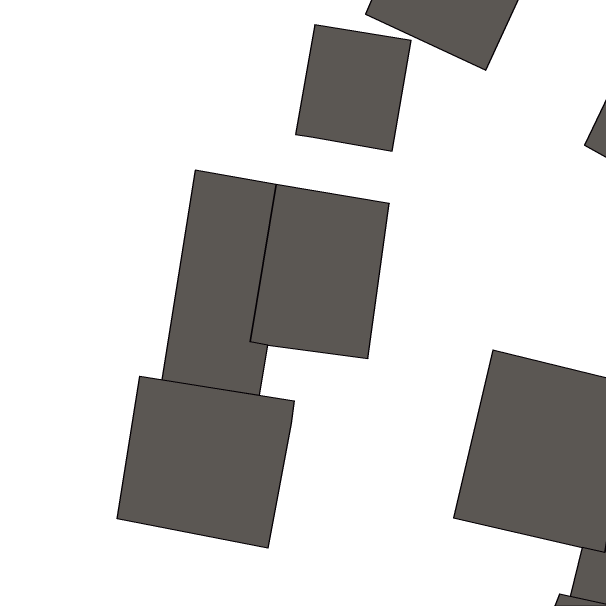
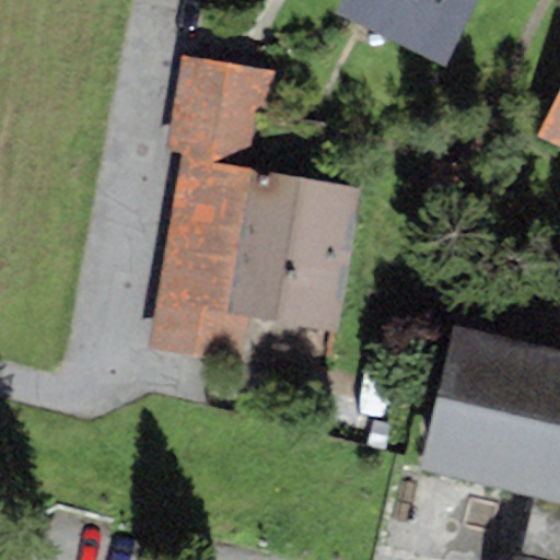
building: [296,25,411,151] -> [167,54,273,170]
building: [117,376,294,548] -> none

